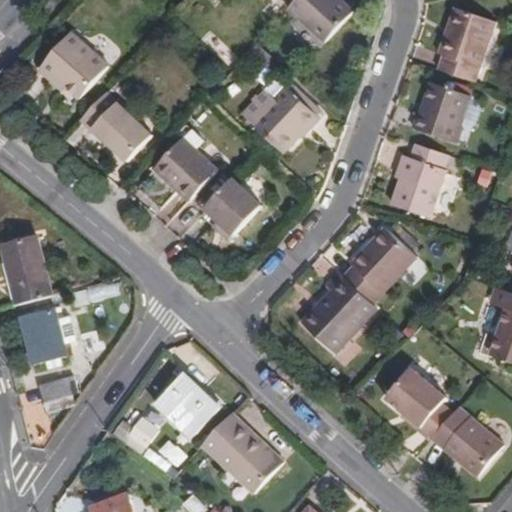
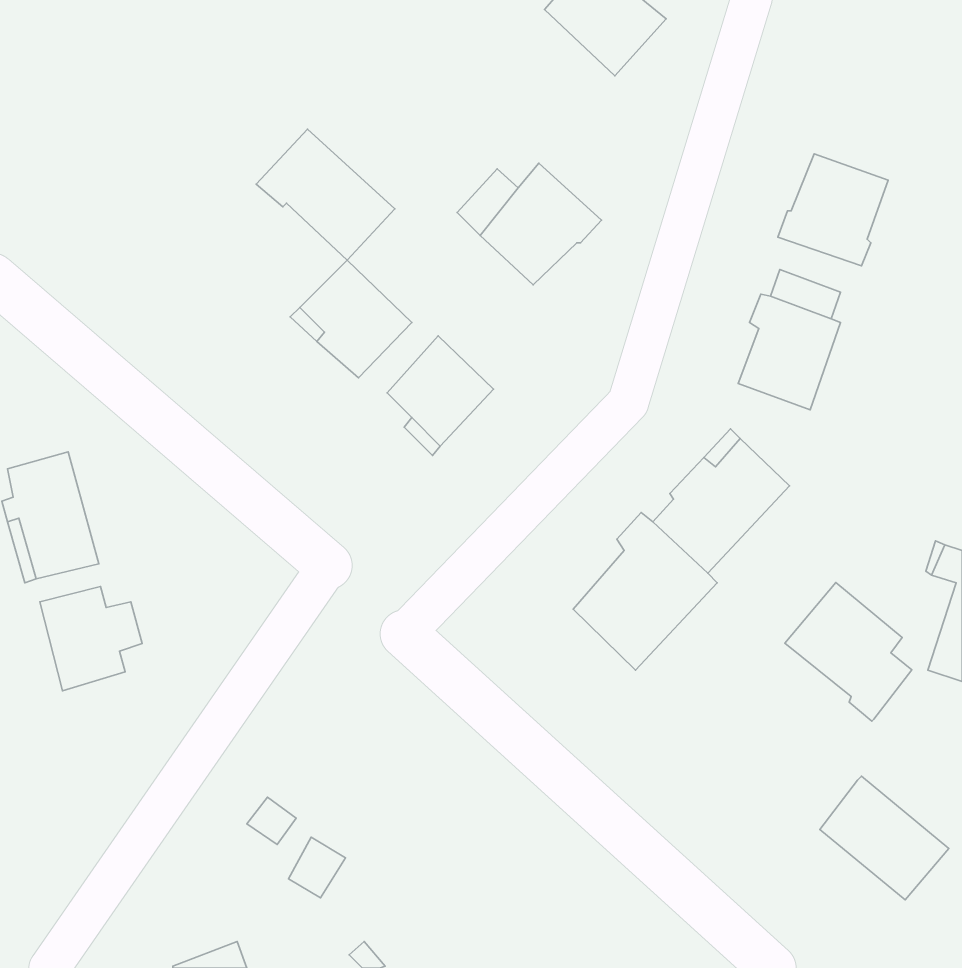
building: [434,5,493,80] -> none
building: [38,33,107,99] -> none
building: [79,91,152,160] -> [256,129,395,260]
building: [385,365,452,438] -> [785,583,912,721]
building: [155,374,218,437] -> none
building: [39,379,73,414] -> none
building: [201,413,281,494] -> none

